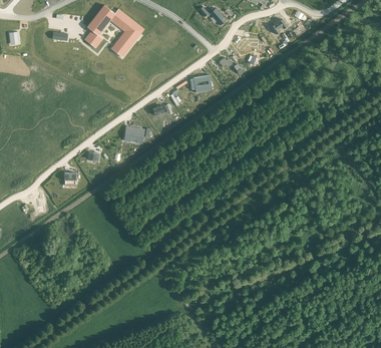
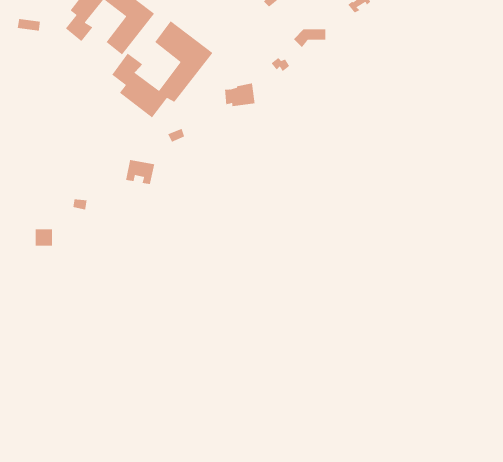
building: none -> [111,20,213,119]

